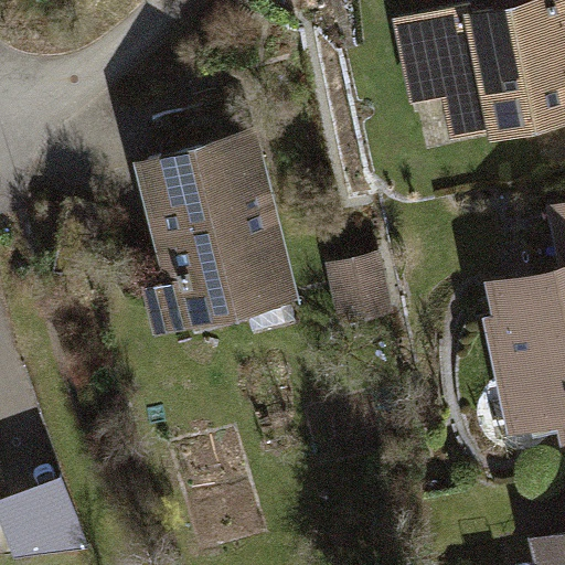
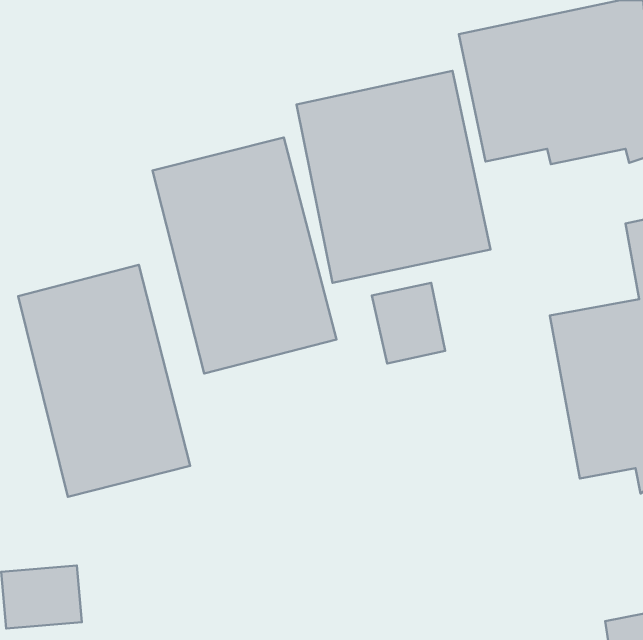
building: none -> [296,71,490,283]
building: none -> [18,265,190,497]

